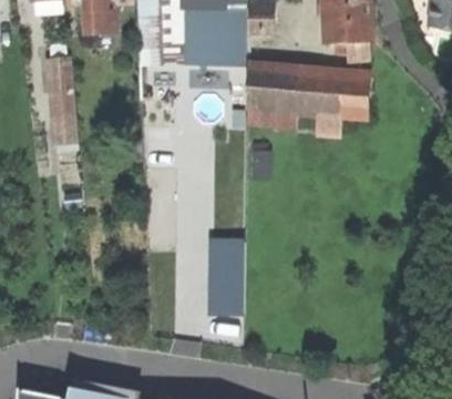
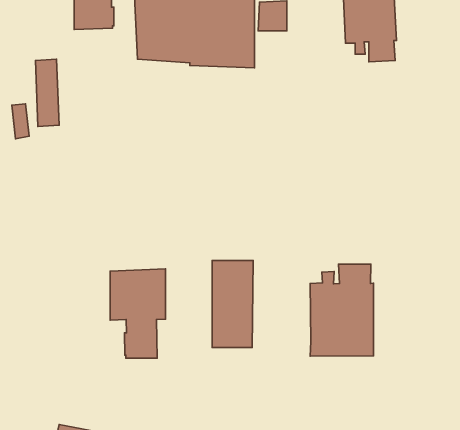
building: [246,69,369,135] -> none
building: none -> [310,264,374,356]
building: none -> [110,269,166,358]

